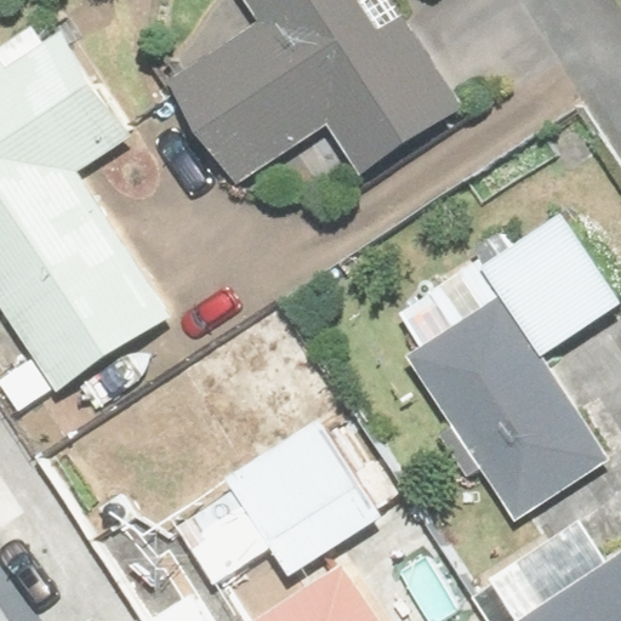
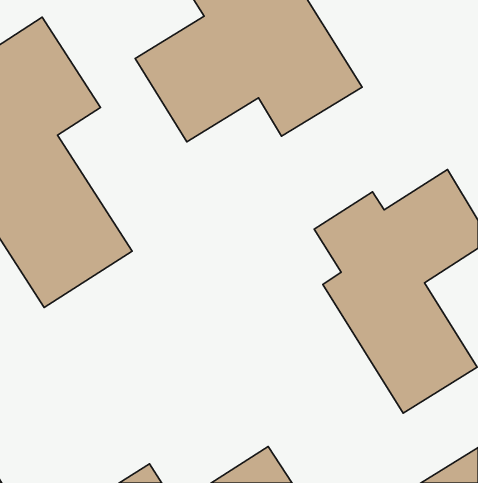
building: [170,418,384,582] -> none

